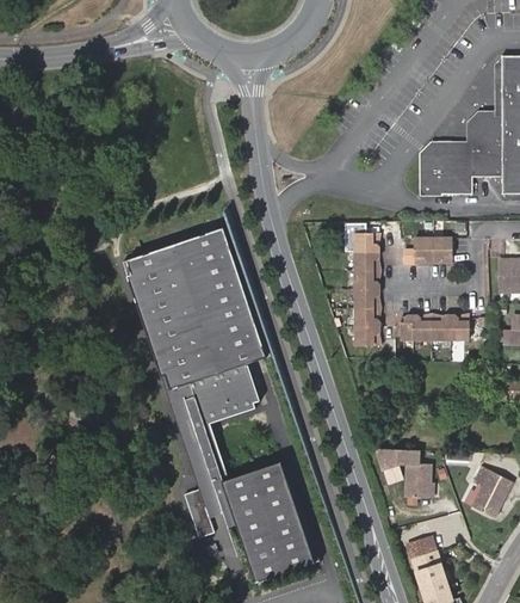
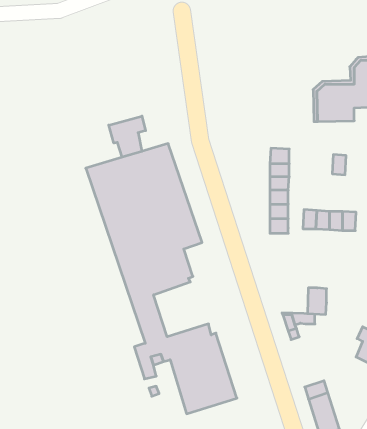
building: none -> [109,116,146,157]
building: [421,240,442,266] -> none
building: [406,462,431,497] -> [307,288,327,314]

